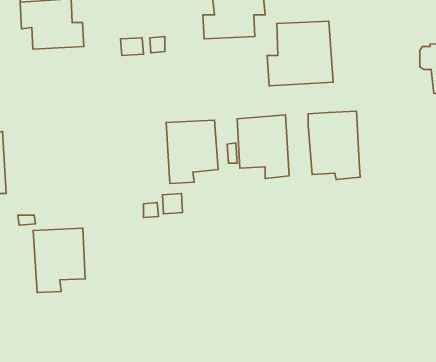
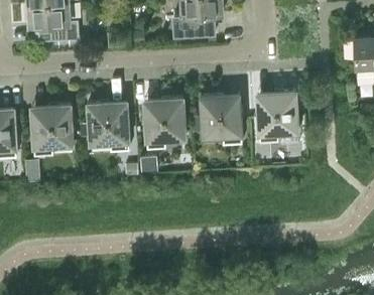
building: [267,21,333,86] -> none
building: none -> [88,101,129,150]
building: [33,228,85,293] -> [31,104,73,155]

